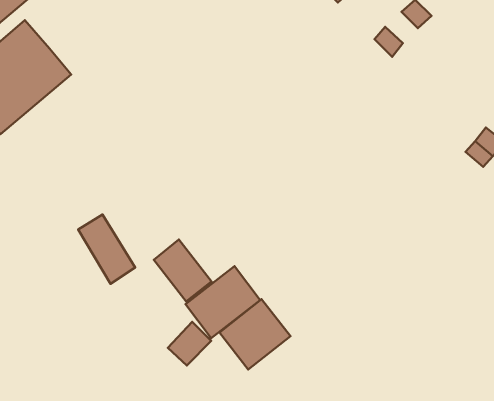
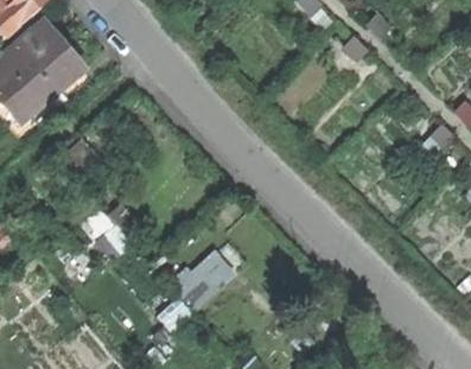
building: [154,240,211,302] -> none
building: [219,299,290,369] -> none

